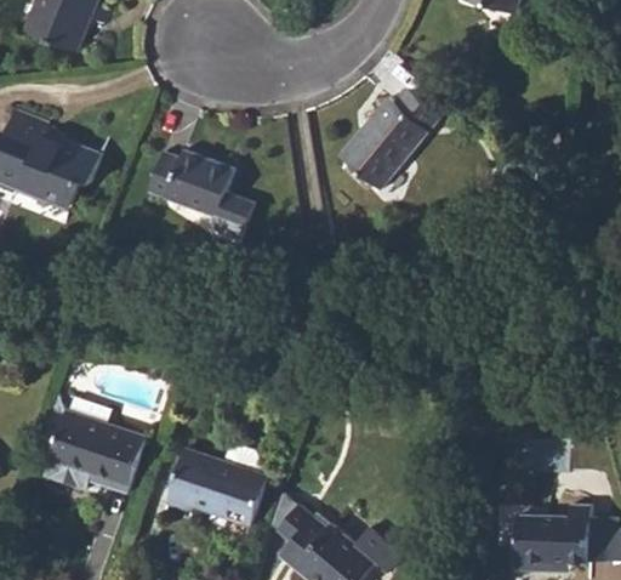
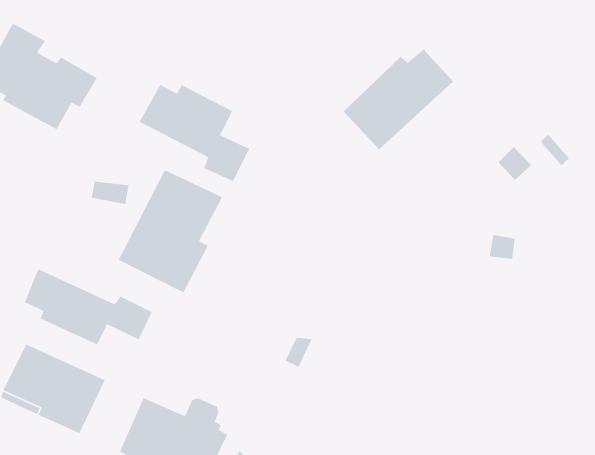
building: none -> [117,169,223,294]
building: none -> [24,268,153,345]

